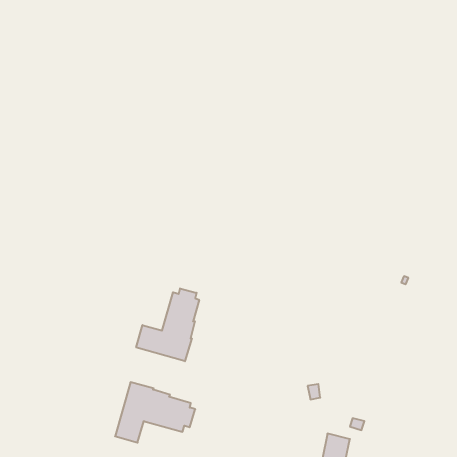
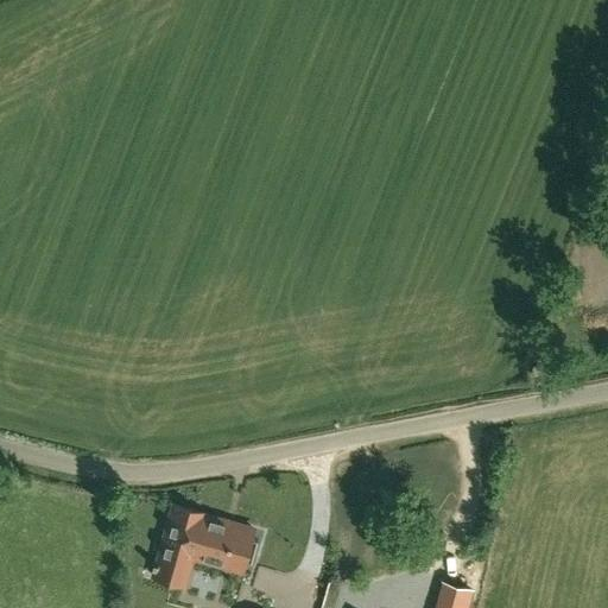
building: [136,288,199,361] -> none

